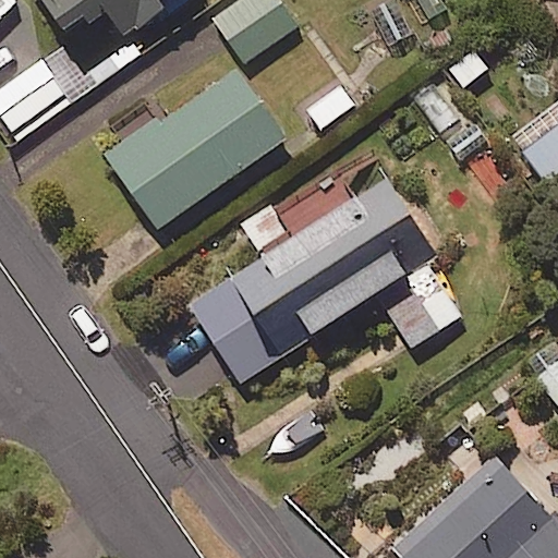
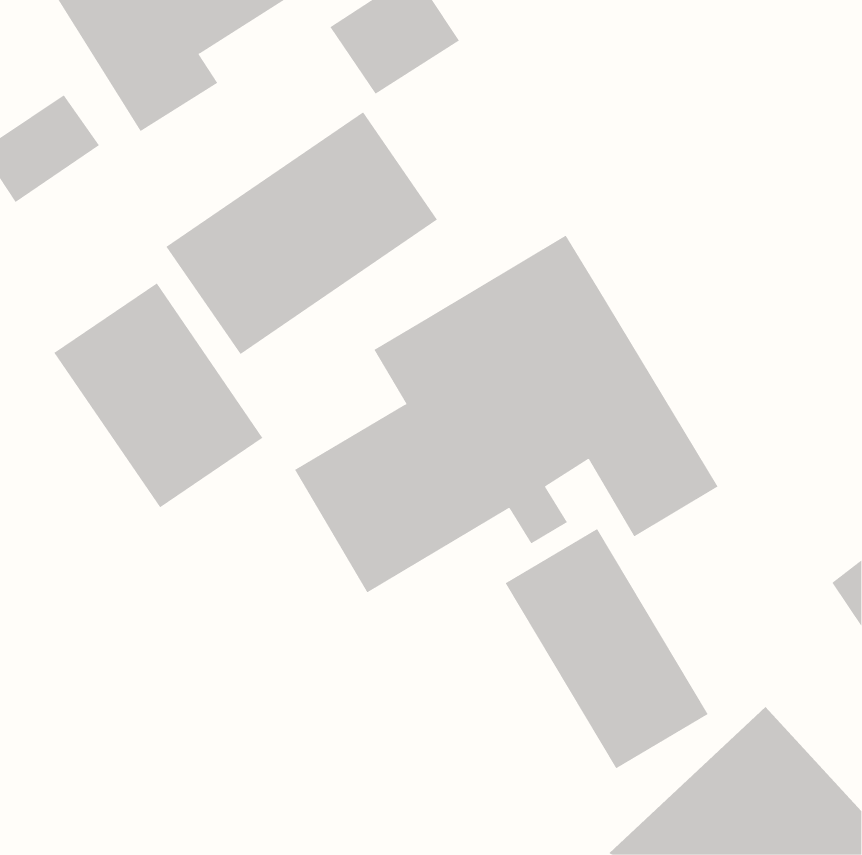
building: none -> [54,282,263,508]
building: none -> [505,528,708,769]

